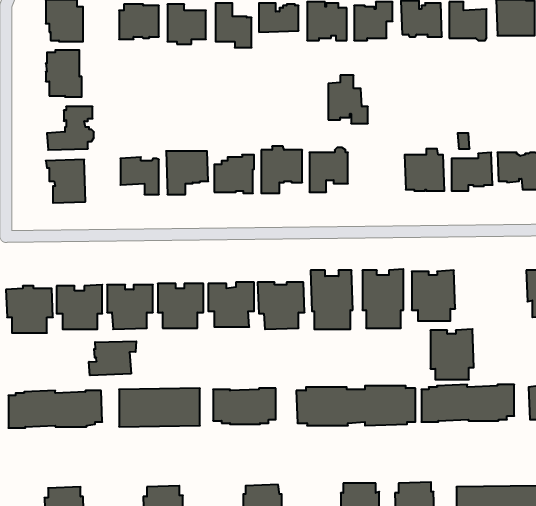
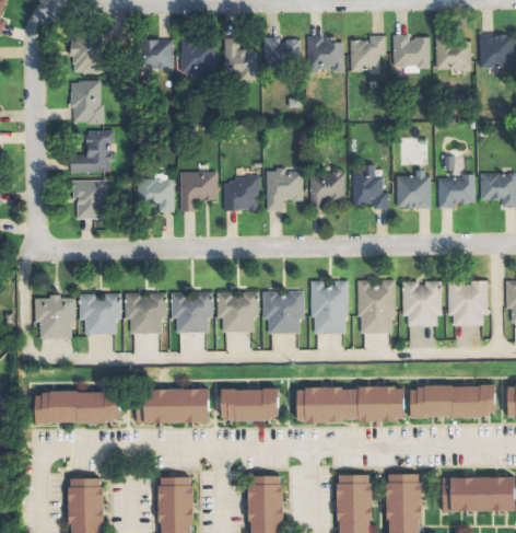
building: [328,75,368,123] -> [352,164,388,208]
building: [430,329,474,380] -> [448,279,488,325]
building: [89,341,136,375] -> none

